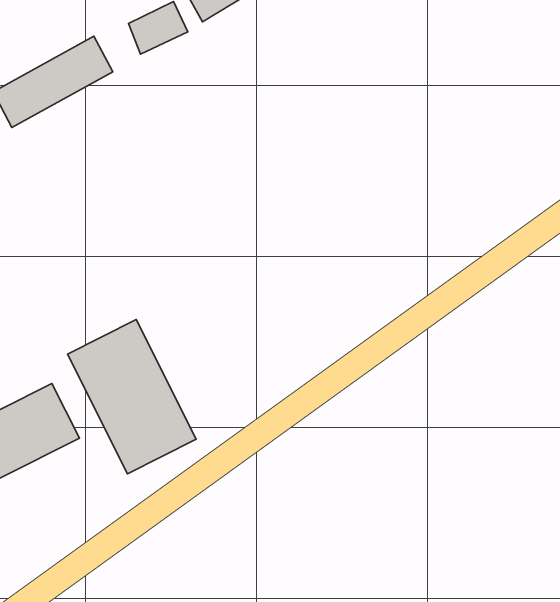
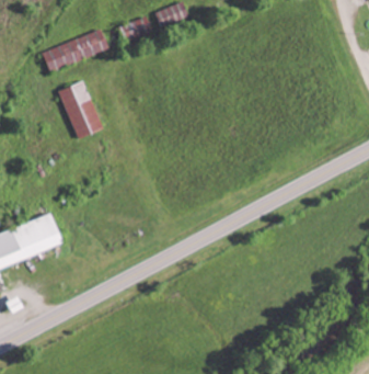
building: none -> [58,81,104,139]
building: [67,320,196,474] -> none

